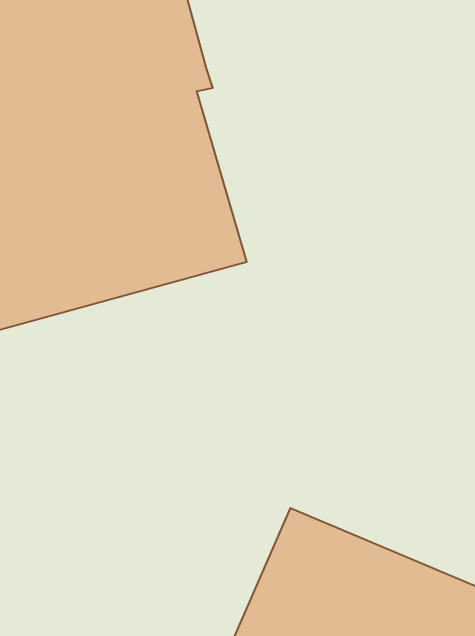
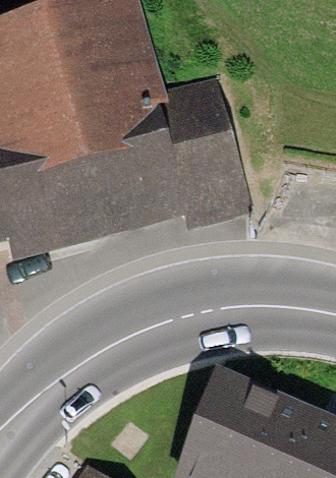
building: none -> [158,76,253,229]

